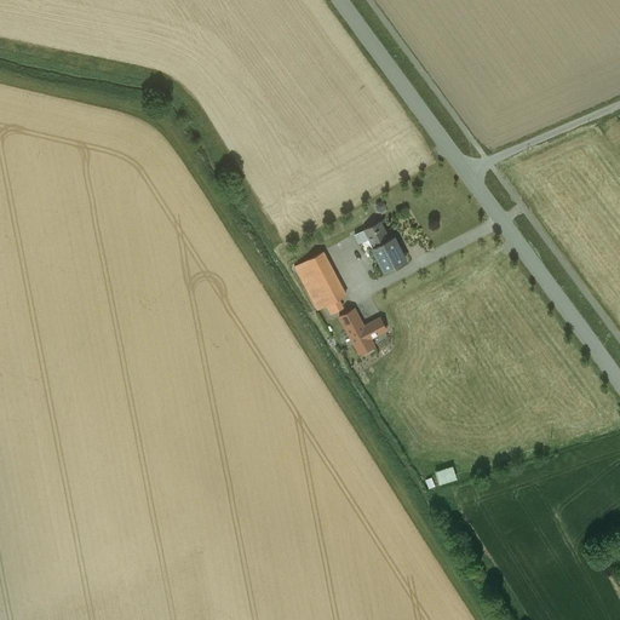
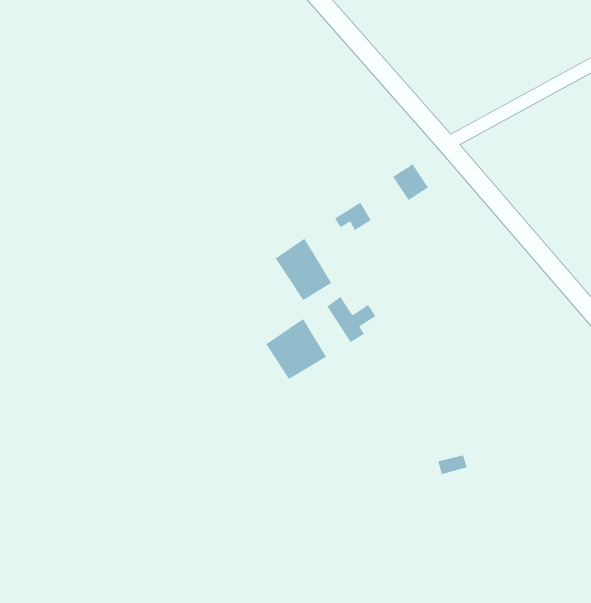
building: [373,237,407,272] -> [392,163,429,201]
building: none -> [265,318,327,380]

